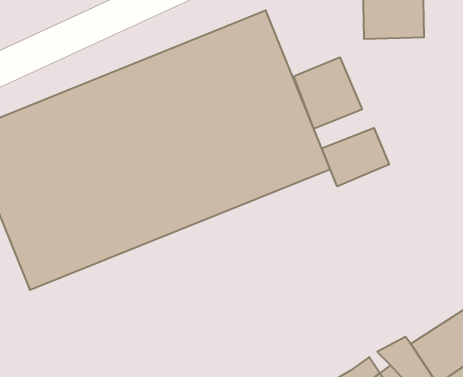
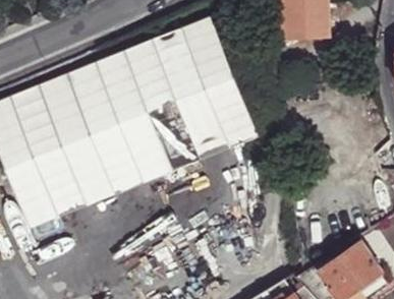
building: [294,57,362,129] -> none
building: [322,128,389,186] -> none

